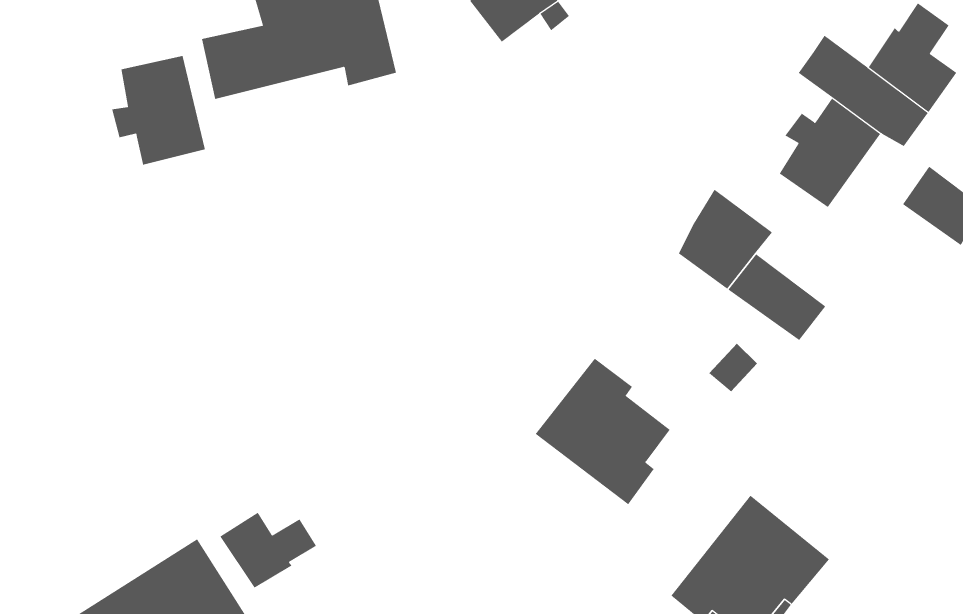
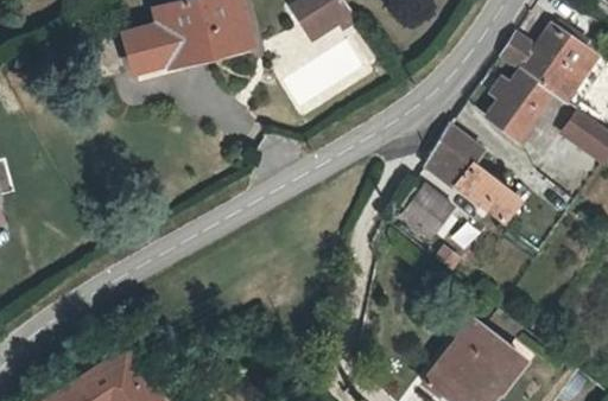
building: [111,55,206,166] -> none
building: none -> [405,187,456,238]
building: [535,358,670,505] -> none
building: [219,512,317,588] -> none

